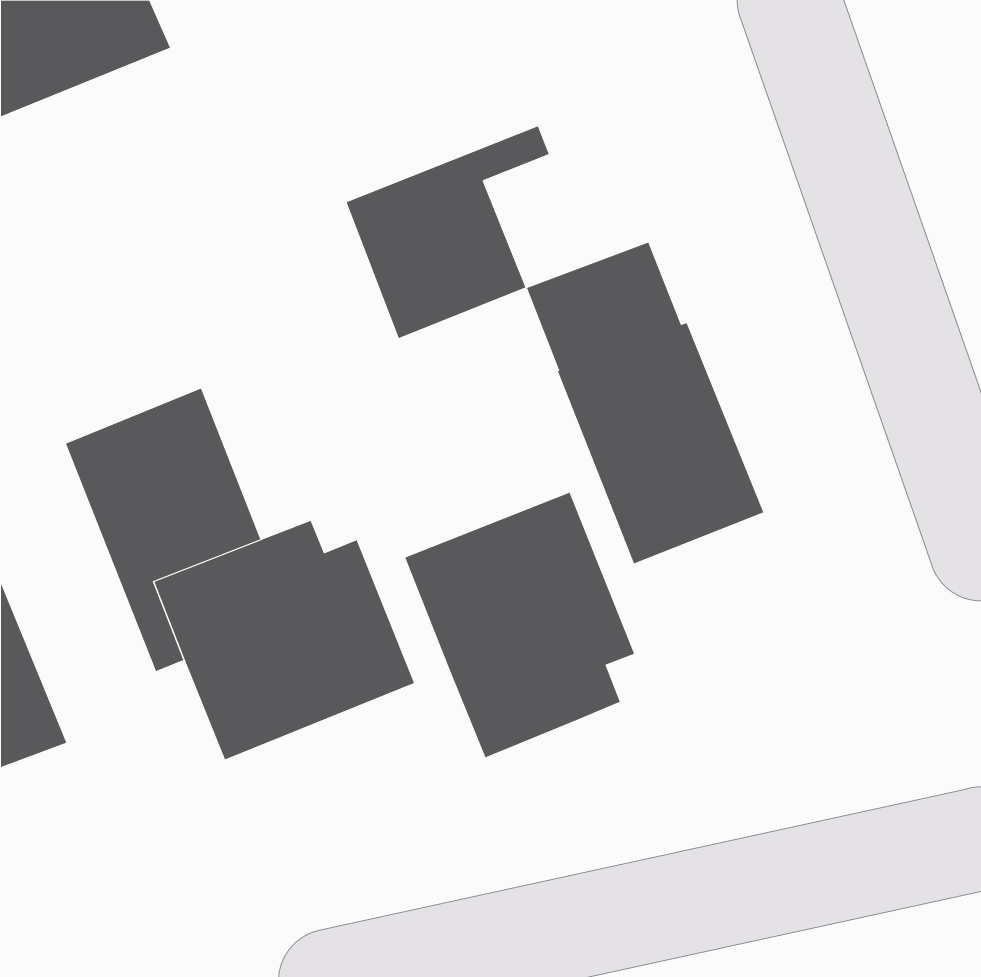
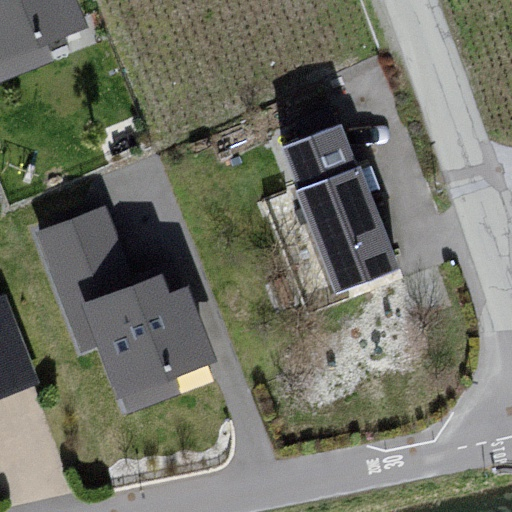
building: [346,126,549,339] -> none
building: [404,492,635,758] -> none

